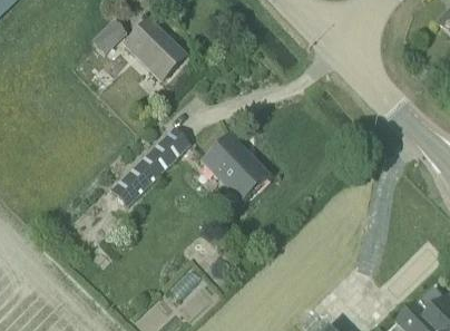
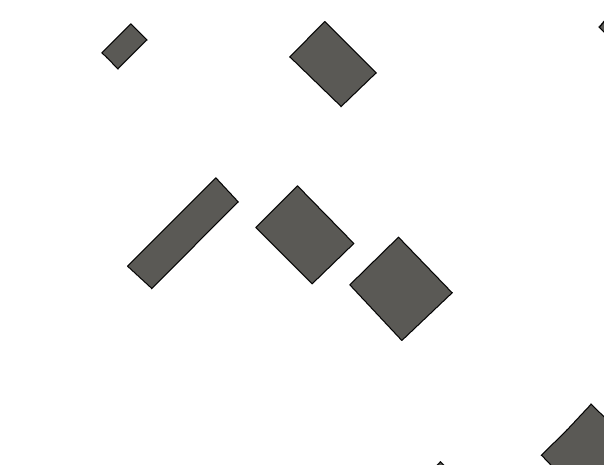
building: [125,20,185,79] -> [290,22,376,107]
building: none -> [350,237,452,340]

